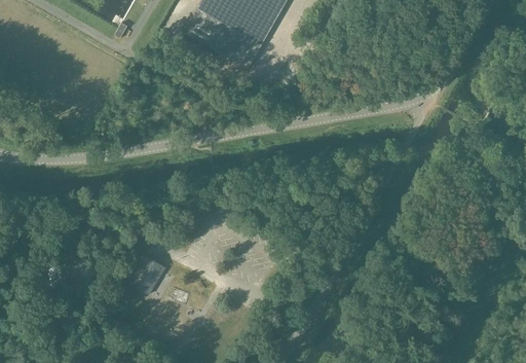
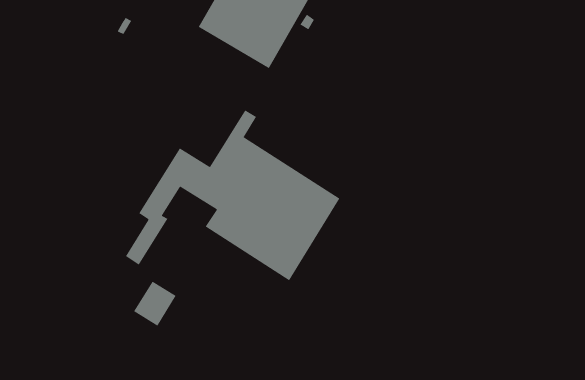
building: none -> [125,110,340,281]

